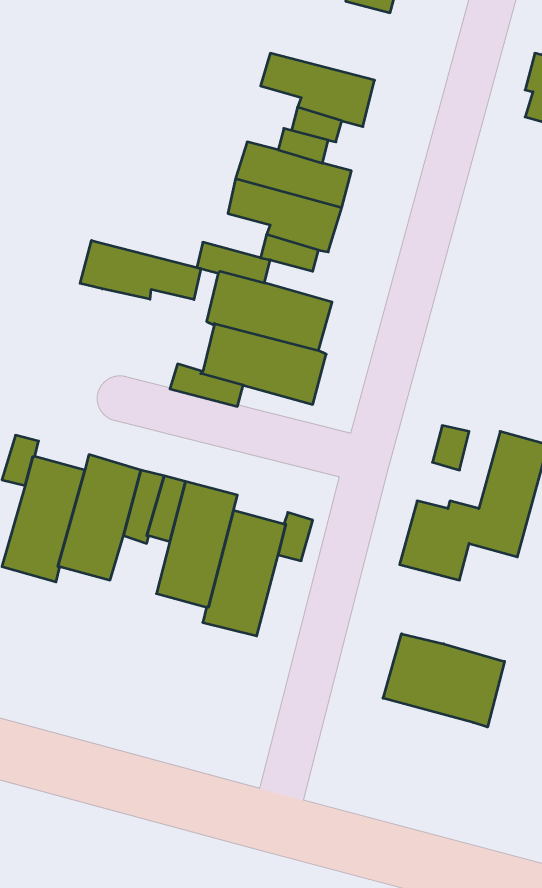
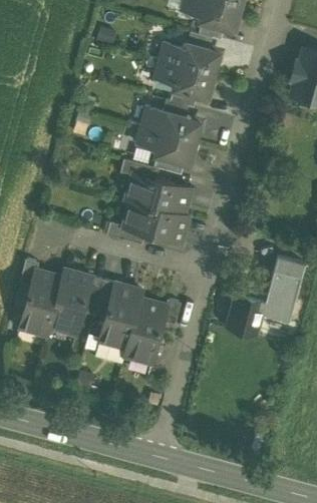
building: none -> [160,42,221,74]
building: [80,240,201,300] -> none
building: [383,634,505,727] -> none

